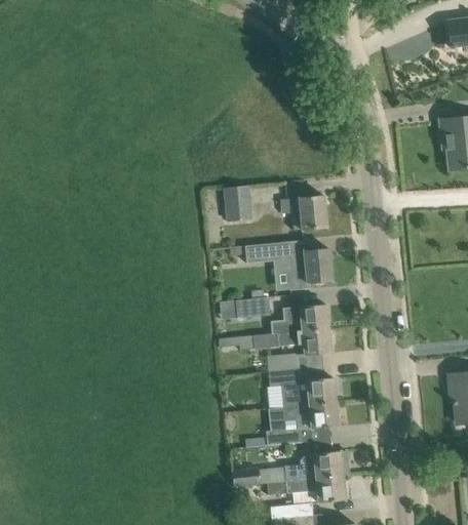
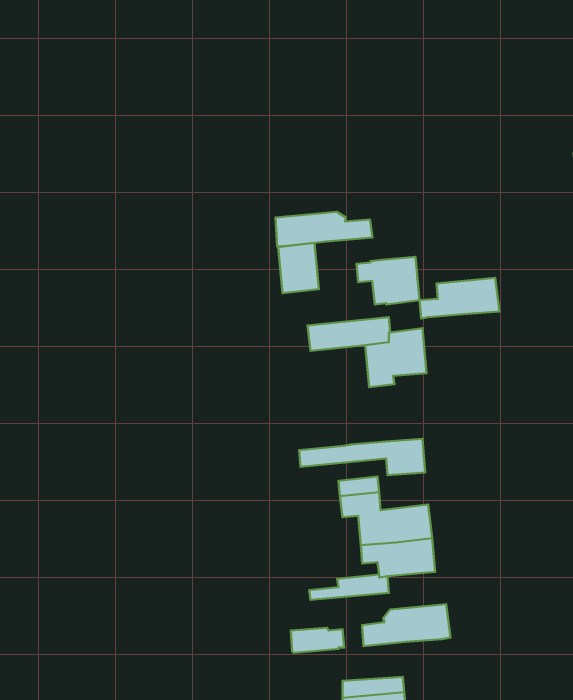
building: none -> [275,212,372,246]
building: [234,296,269,317] -> none
building: [269,304,327,333] -> [420,278,499,318]
building: [266,475,344,501] -> none

